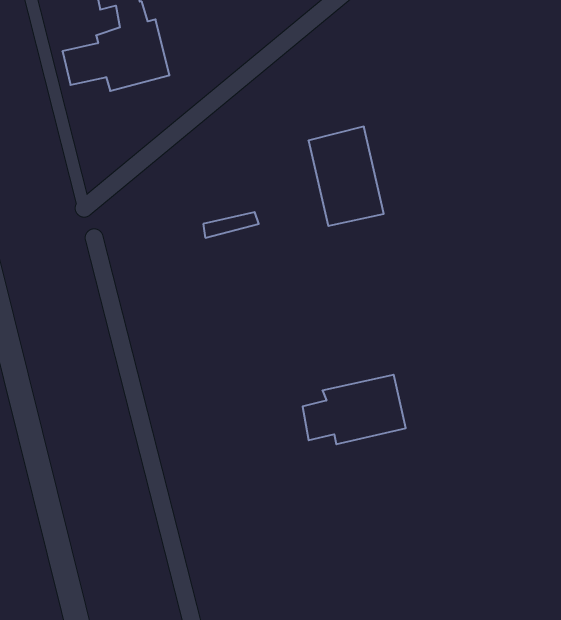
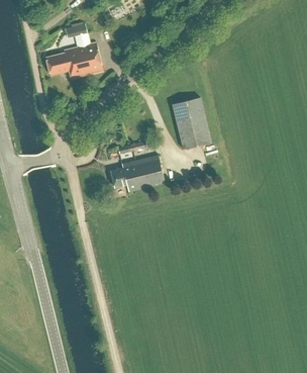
building: [303,375,406,444] -> [112,153,165,188]

